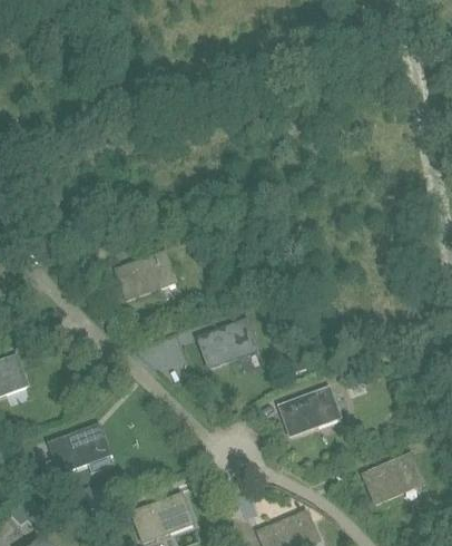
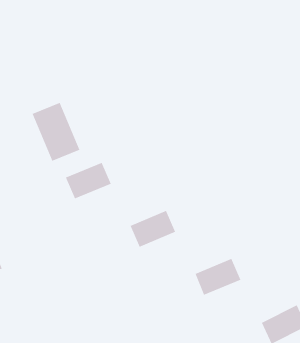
building: none -> [32,102,80,162]
building: [46,423,109,475] -> none

